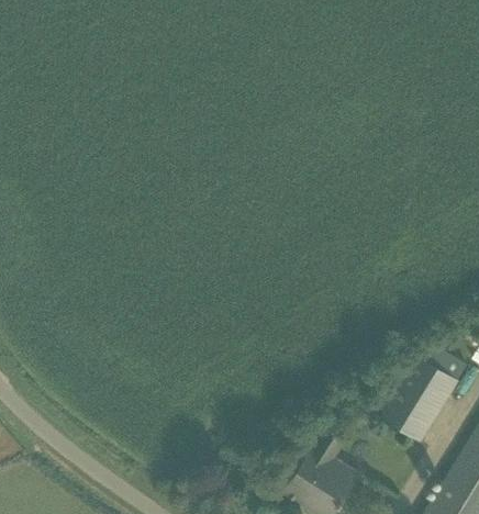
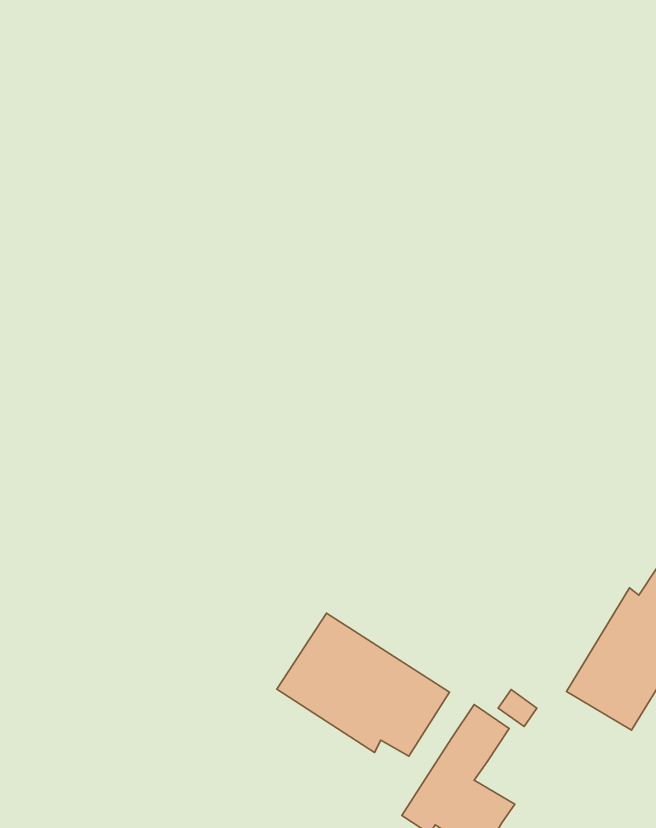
building: none -> [277,613,449,756]

